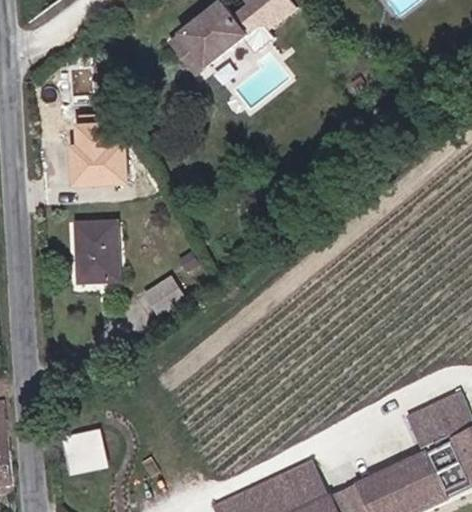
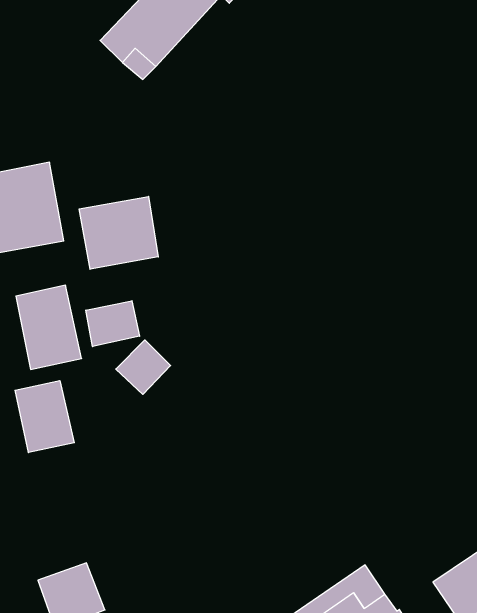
building: none -> [79,196,158,269]
building: none -> [86,301,140,347]
building: none -> [15,381,74,453]

